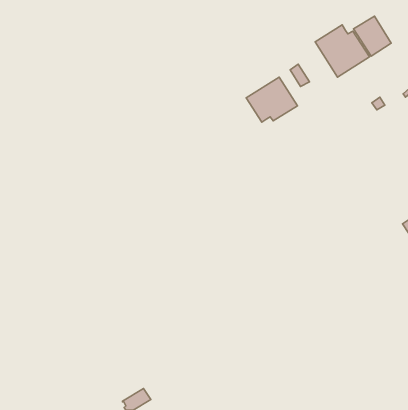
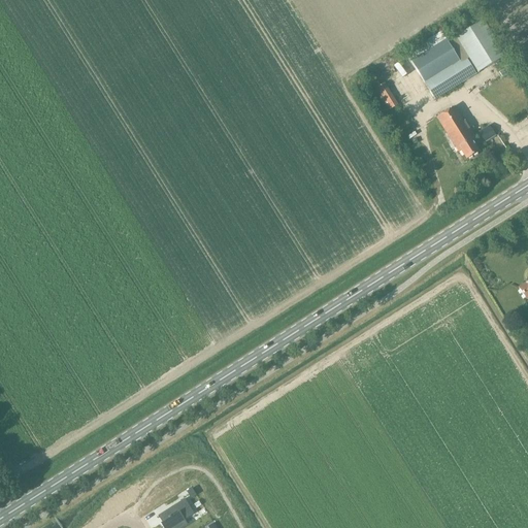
building: [246,77,298,122] -> none
building: none -> [438,106,481,159]

